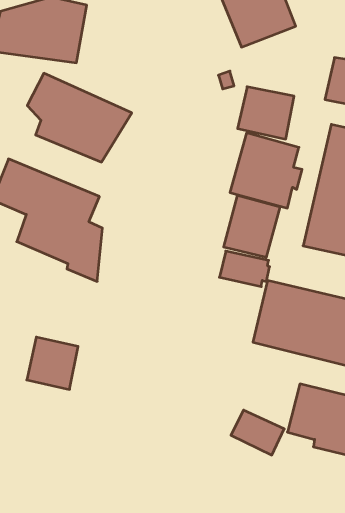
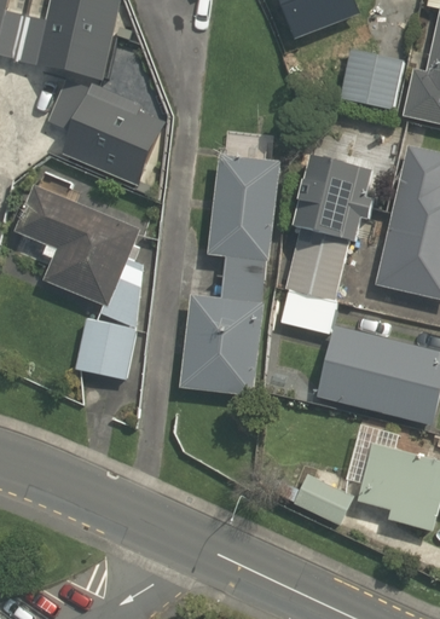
building: [238,87,294,139] -> [337,48,403,109]
building: none -> [178,154,280,394]
building: [27,337,78,389] -> [75,318,134,378]

